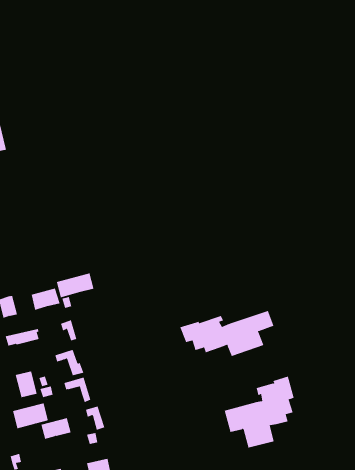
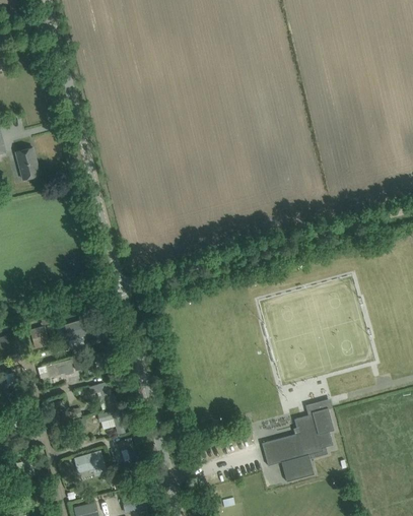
building: [56,272,94,298] -> none
building: [180,310,274,357] -> none
building: [12,402,49,429] -> none

